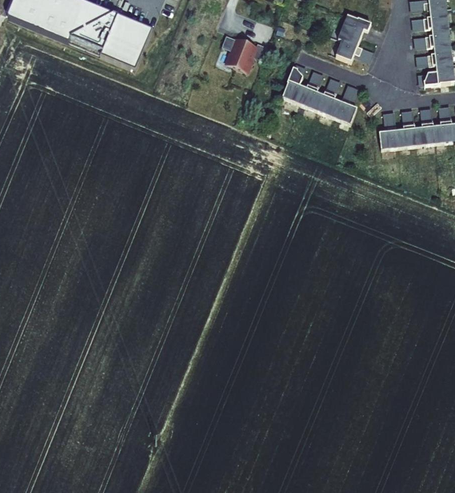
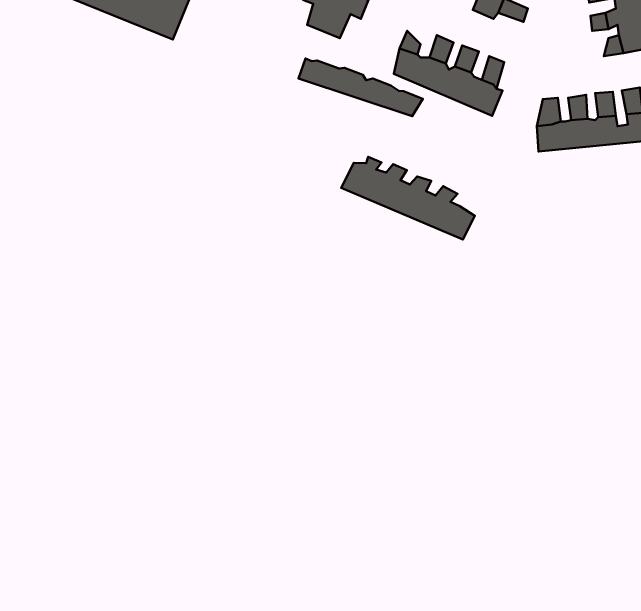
building: none -> [299,58,423,116]
building: none -> [341,157,475,240]

